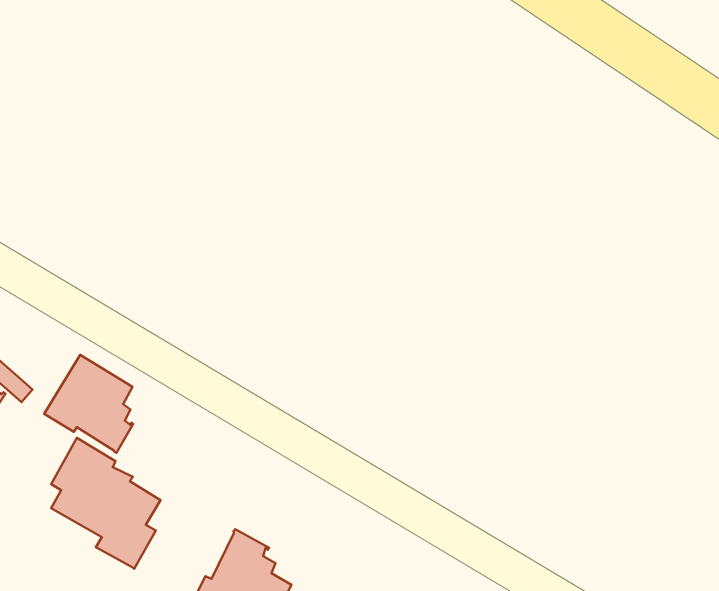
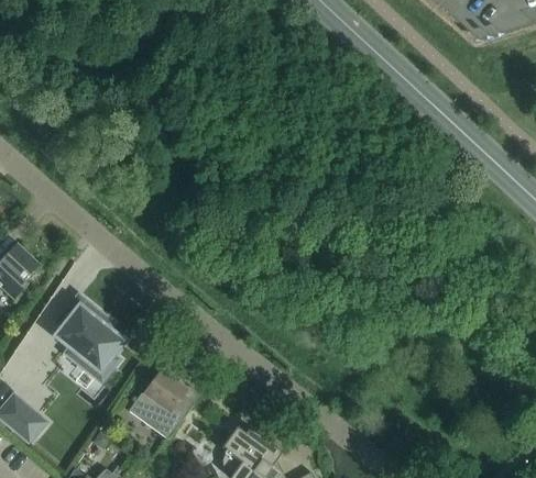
building: [44,355,133,453] -> none

